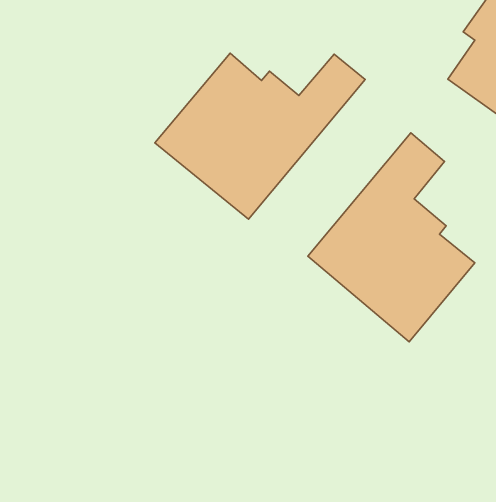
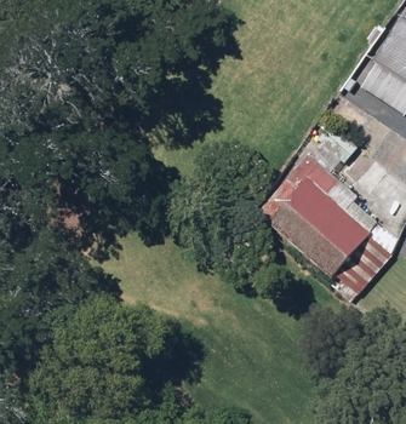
building: [155,53,365,219] -> none

